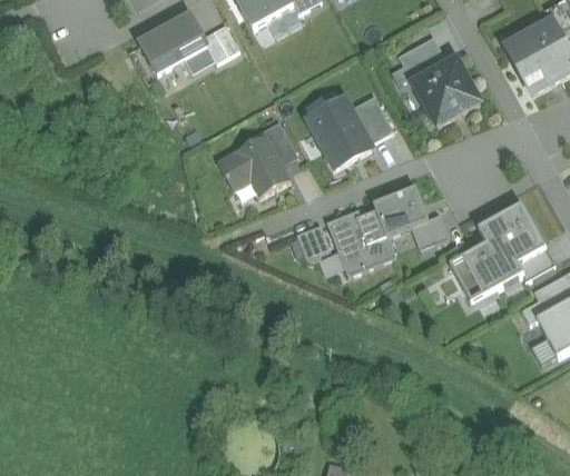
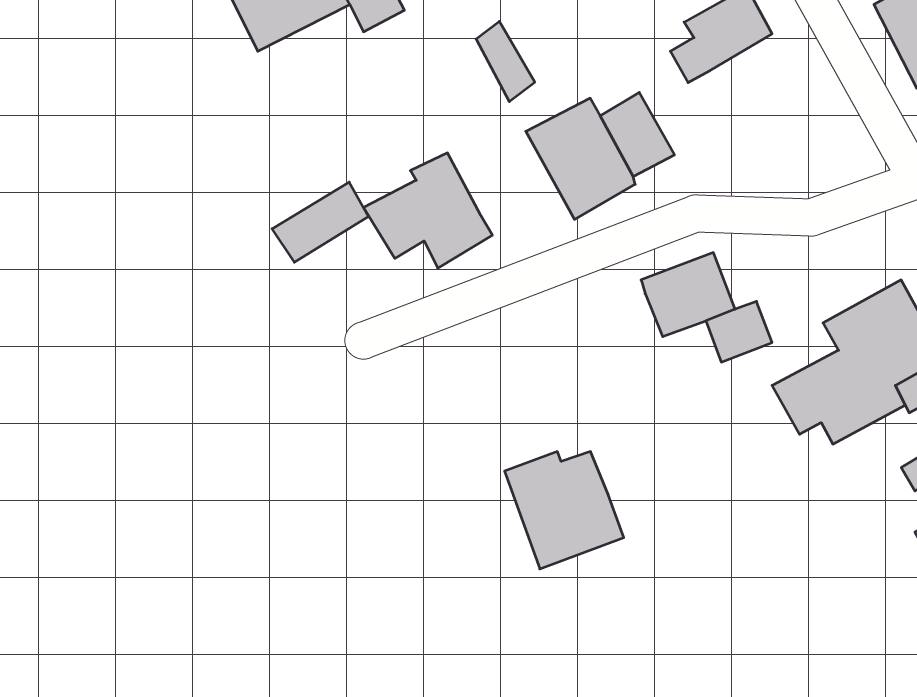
building: [413,59,480,126] -> none
building: [264,120,297,166] -> [476,21,535,102]
building: none -> [272,182,368,262]
building: [327,210,395,277] -> [505,452,624,569]
building: [296,225,330,261] -> none

